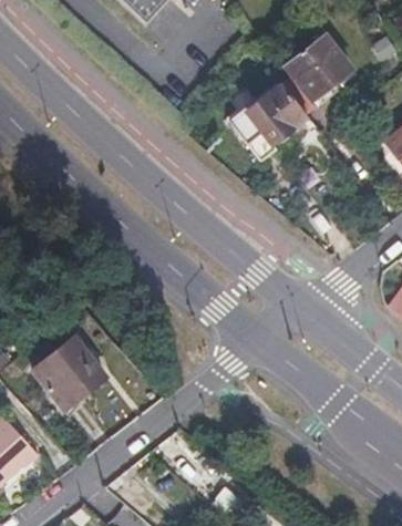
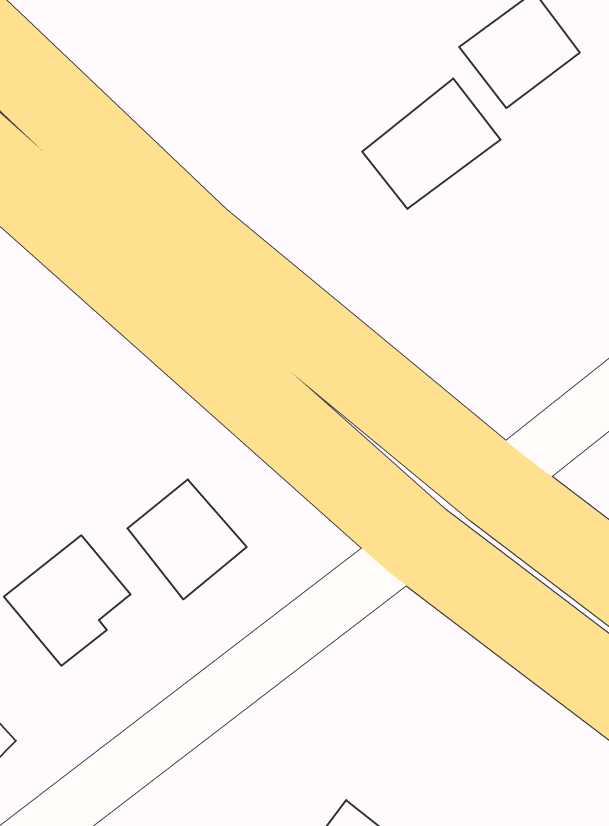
building: none -> [127,479,247,599]

